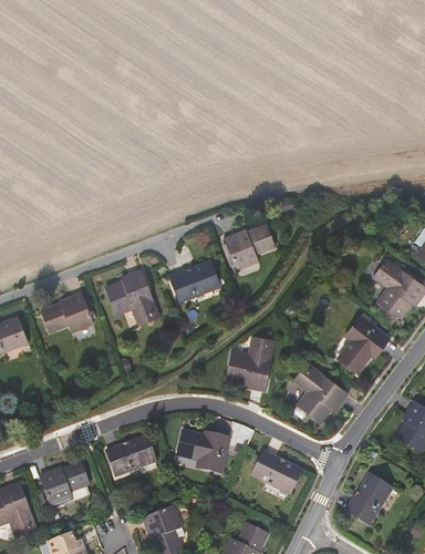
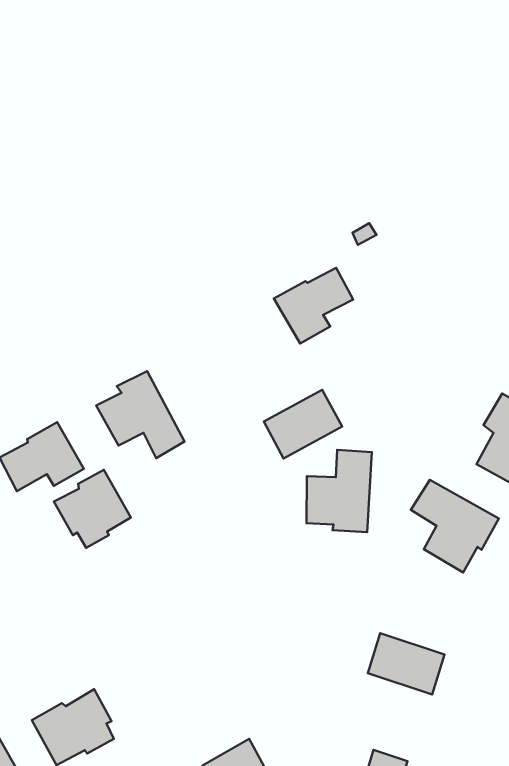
building: [172,264,219,302] -> [264,390,342,458]
building: none -> [54,470,131,548]
building: [176,428,228,470] -> none
building: [106,435,154,474] -> none

